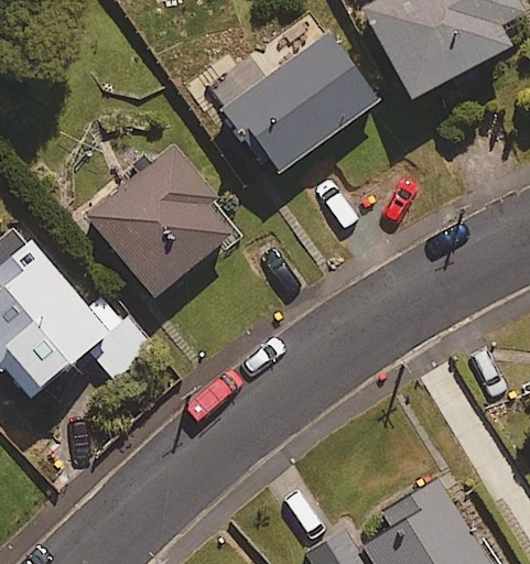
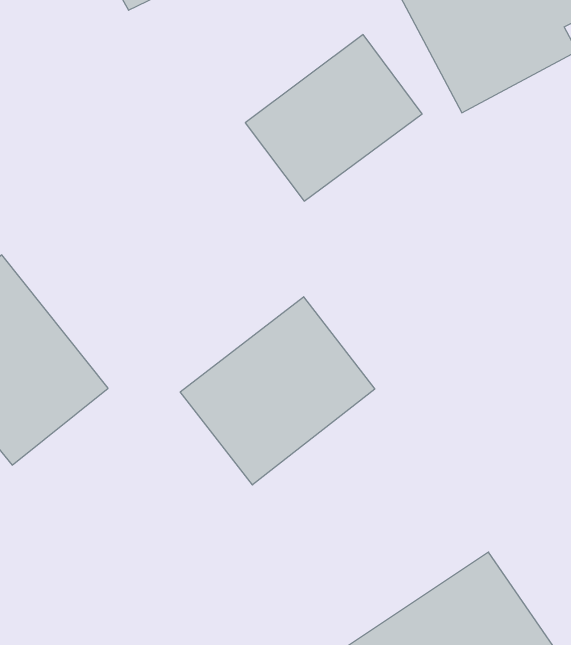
building: [88,148,236,296] -> none
building: none -> [180,297,375,485]

